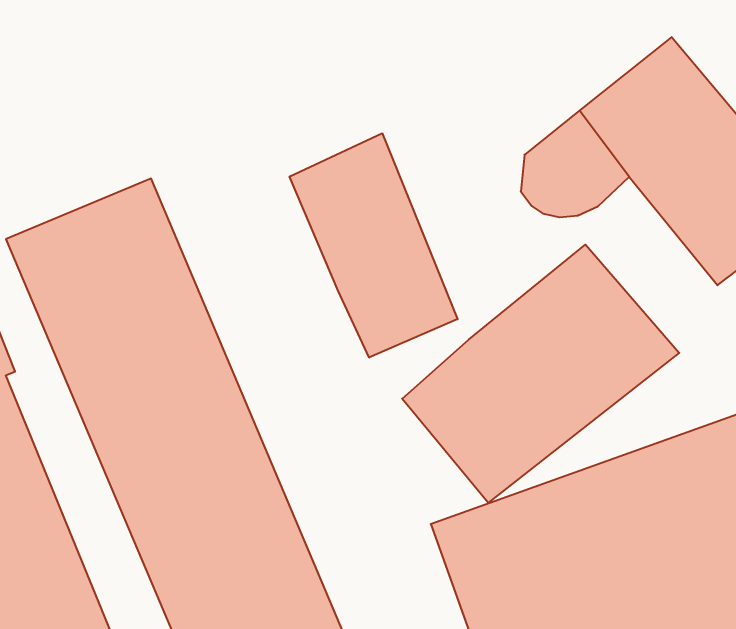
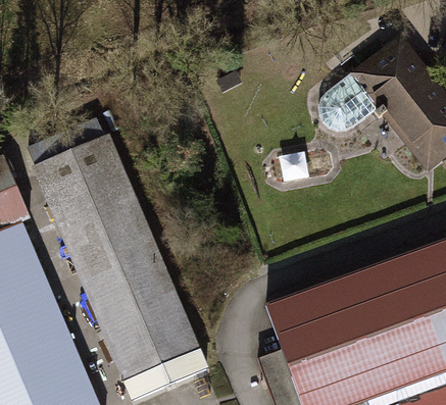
building: [290,133,458,358] -> none
building: [402,245,679,503] -> none

